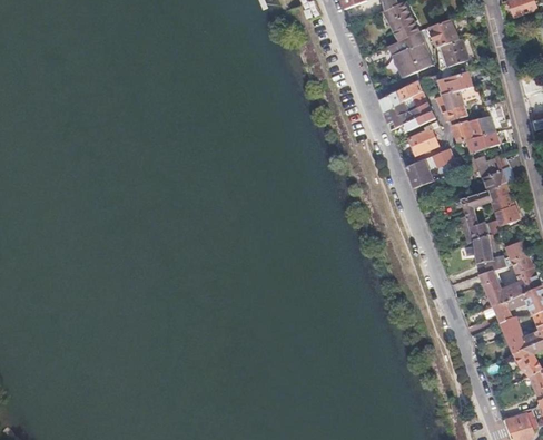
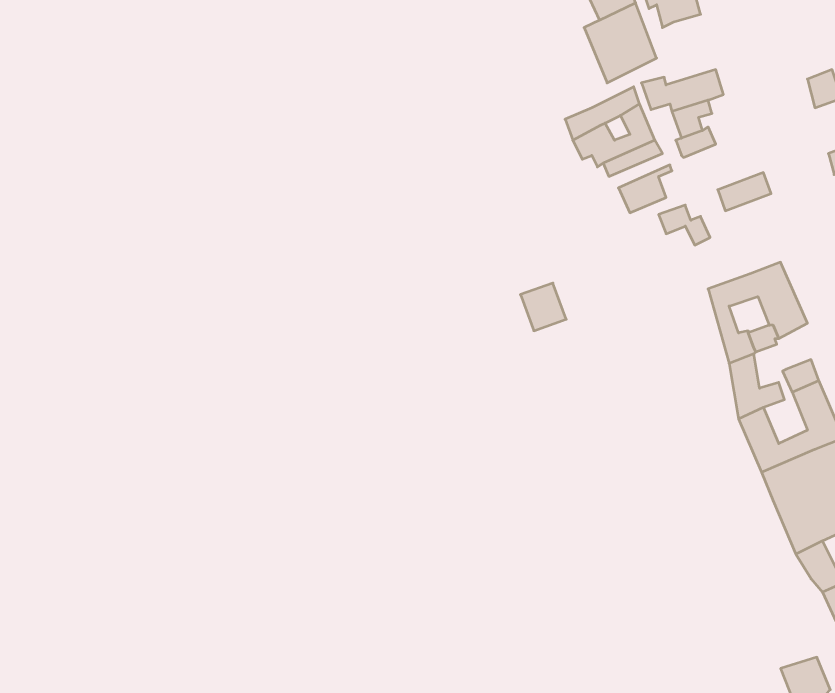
building: [442,36,468,63] -> none
building: [452,115,494,143] -> none
building: [482,154,514,189] -> none
building: [405,159,432,187] -> [520,283,566,331]

